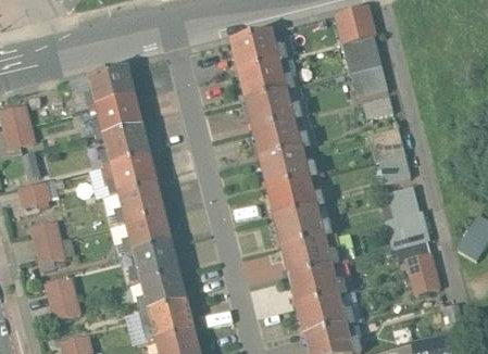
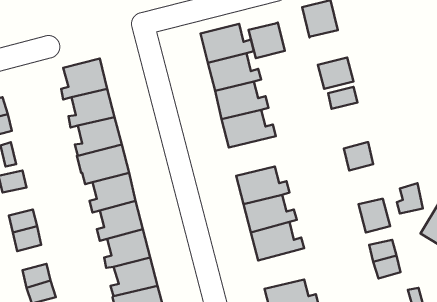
building: [345,36,383,73] -> [248,23,285,58]
building: [370,129,403,161] -> none
building: [260,149,315,188] -> none
building: [391,186,418,217] -> [397,183,423,214]
building: [290,265,346,305] -> none

